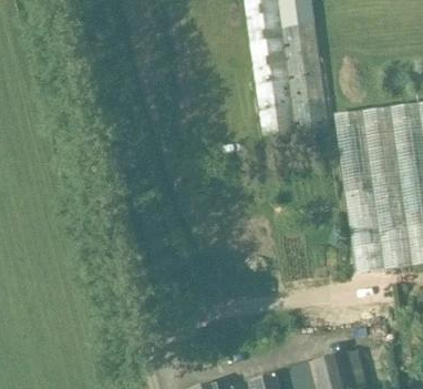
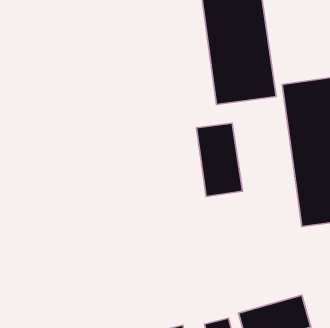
building: none -> [197,123,243,196]

